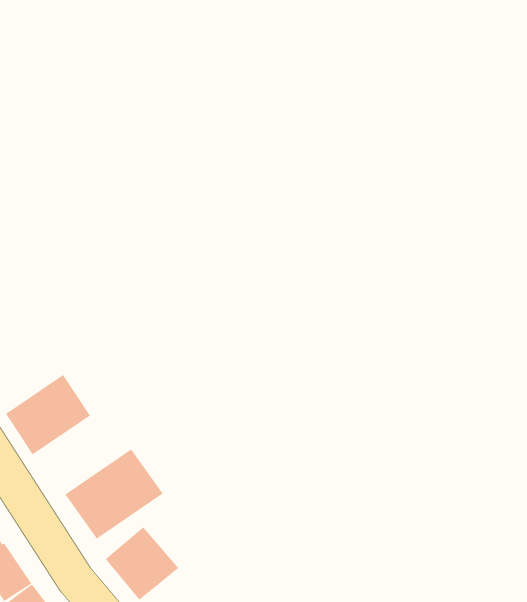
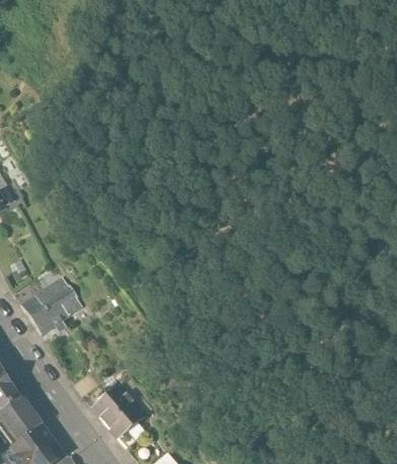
building: [65,449,164,539] -> none

